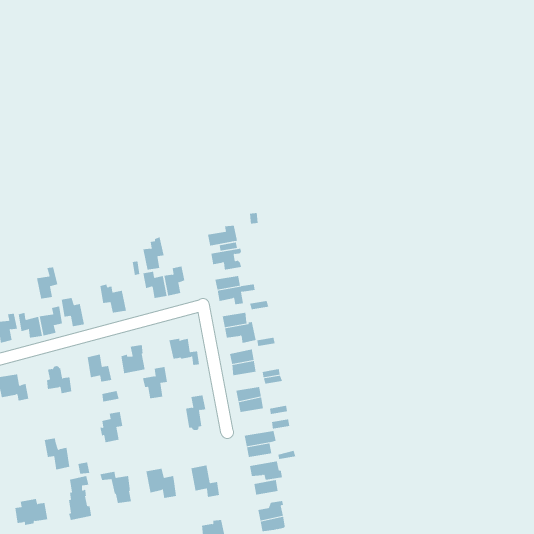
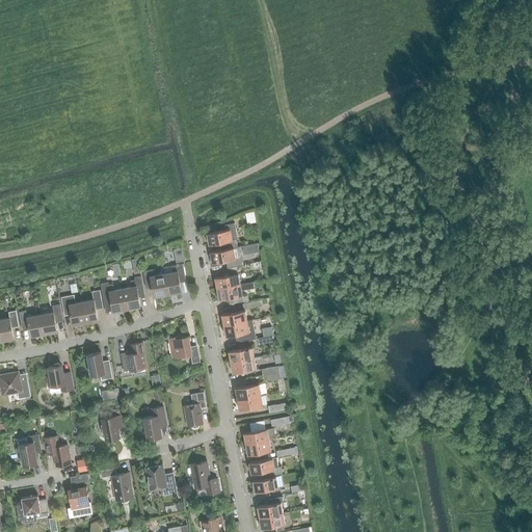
building: [143,237,165,270] -> [122,276,143,310]
building: [36,267,58,299] -> [80,291,102,323]
building: [142,367,168,399] -> [139,407,165,440]
building: none -> [16,435,41,467]

